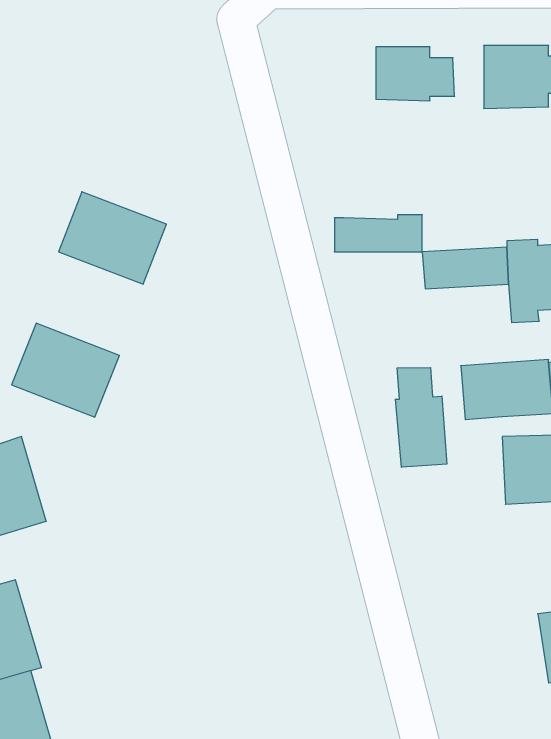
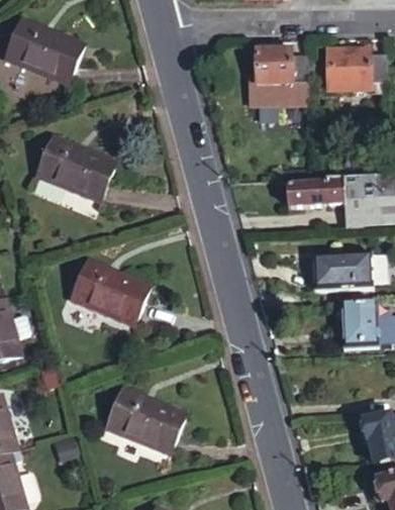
building: none -> [7,20,78,81]
building: [334,215,422,252] -> [243,79,301,103]
building: [12,323,119,417] -> [78,264,149,325]
building: [395,368,447,467] -> none
building: none -> [113,391,184,454]

